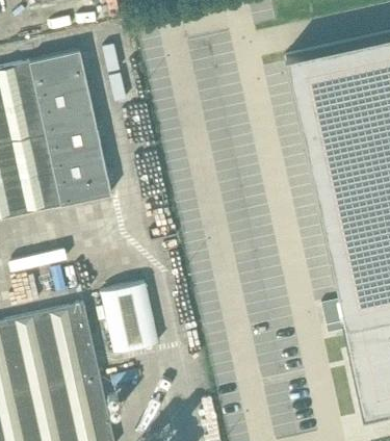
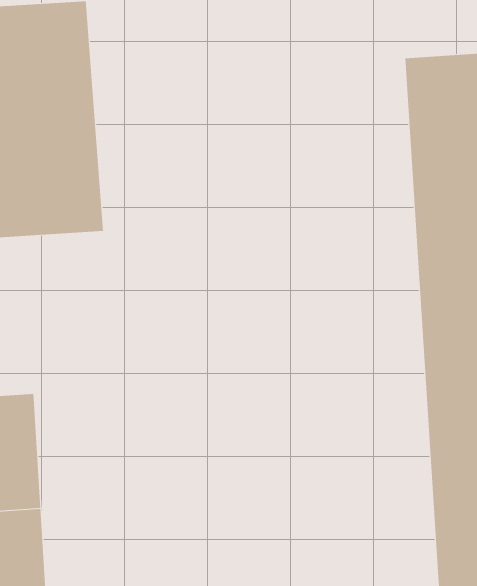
building: [101,284,158,355] -> none

